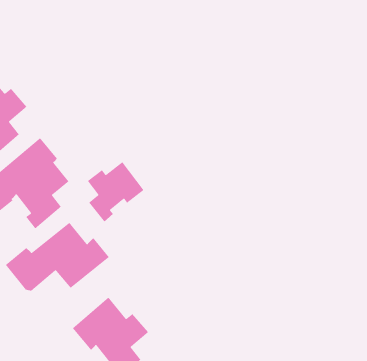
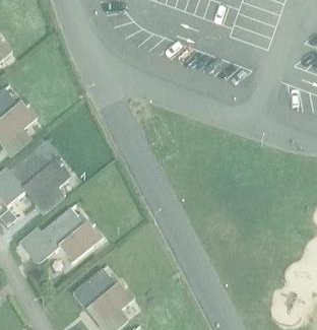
building: [87,161,144,223] -> none

